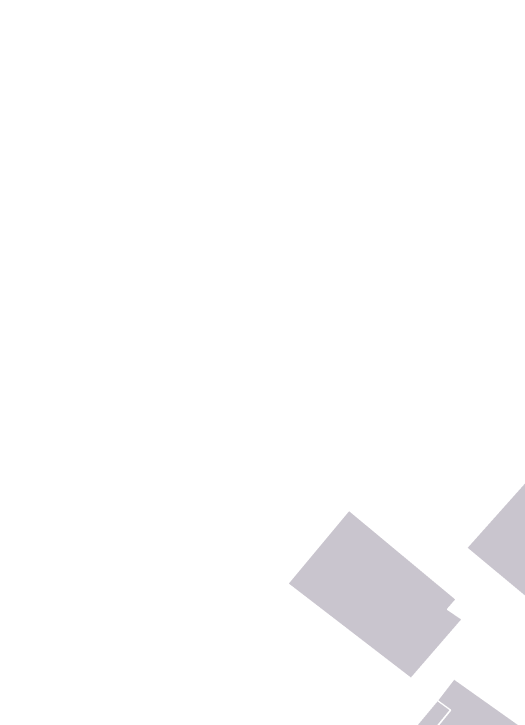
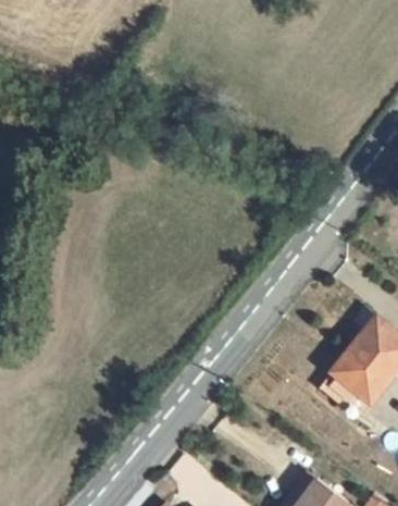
building: [288,510,462,679] -> none

